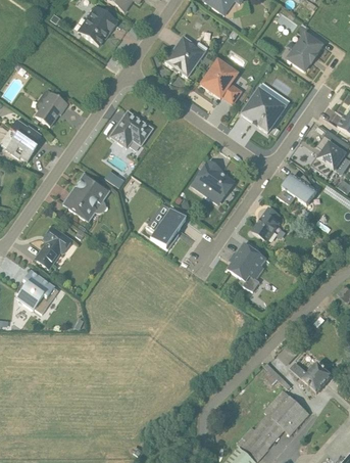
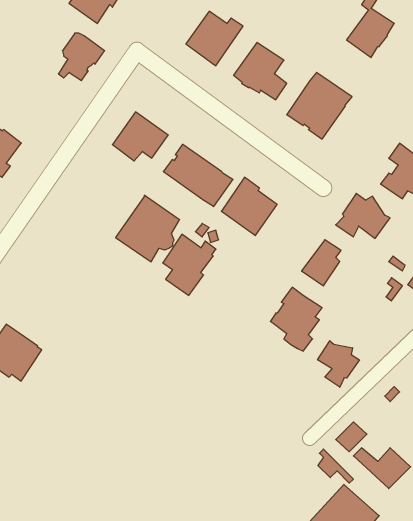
building: [33,89,67,125] -> [58,33,105,81]
building: none -> [163,144,233,207]
building: [62,171,110,221] -> [116,195,180,262]
building: [35,226,72,268] -> none
building: none -> [318,341,359,387]

